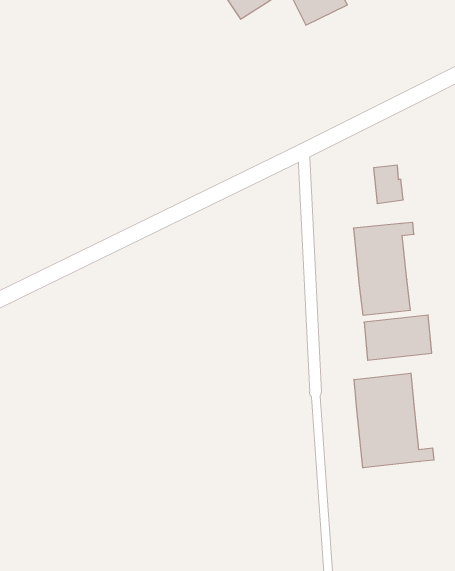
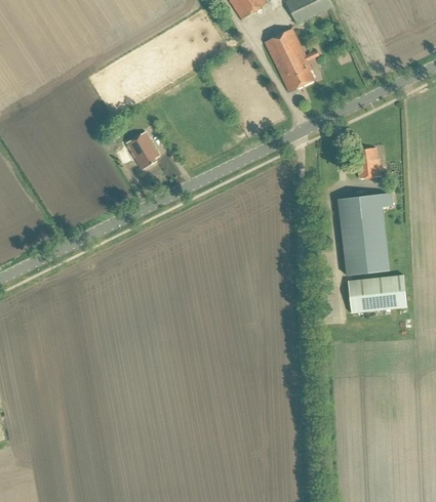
building: none -> [264,28,318,92]
building: none -> [127,132,158,168]
building: [354,373,434,468] -> none

